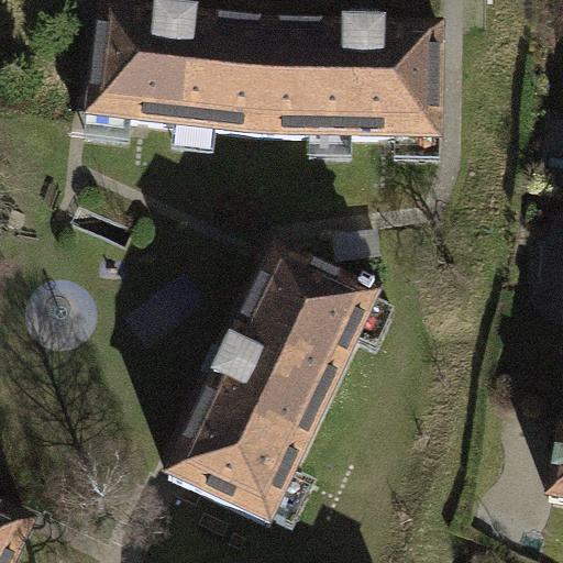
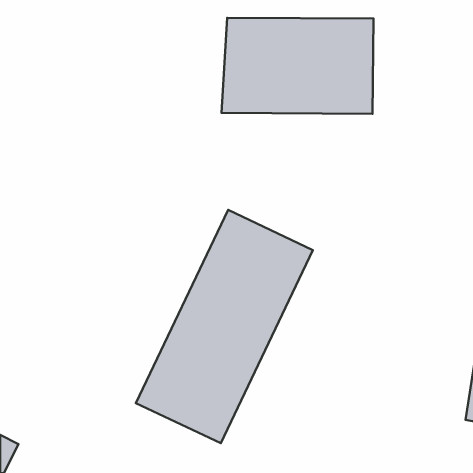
building: [90,5,272,133] -> none

